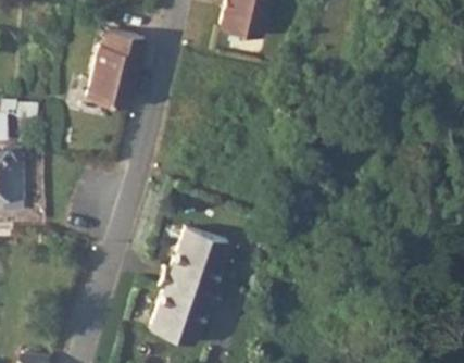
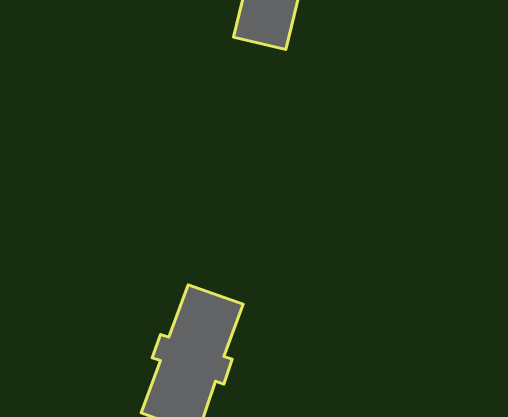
building: [87,30,145,110] -> none

